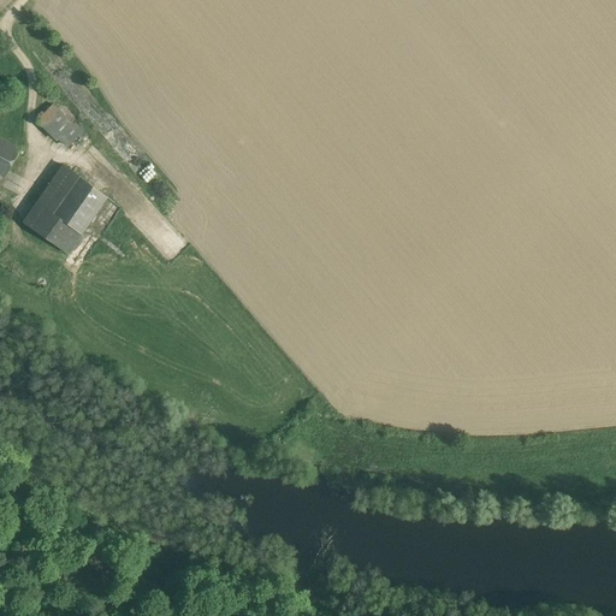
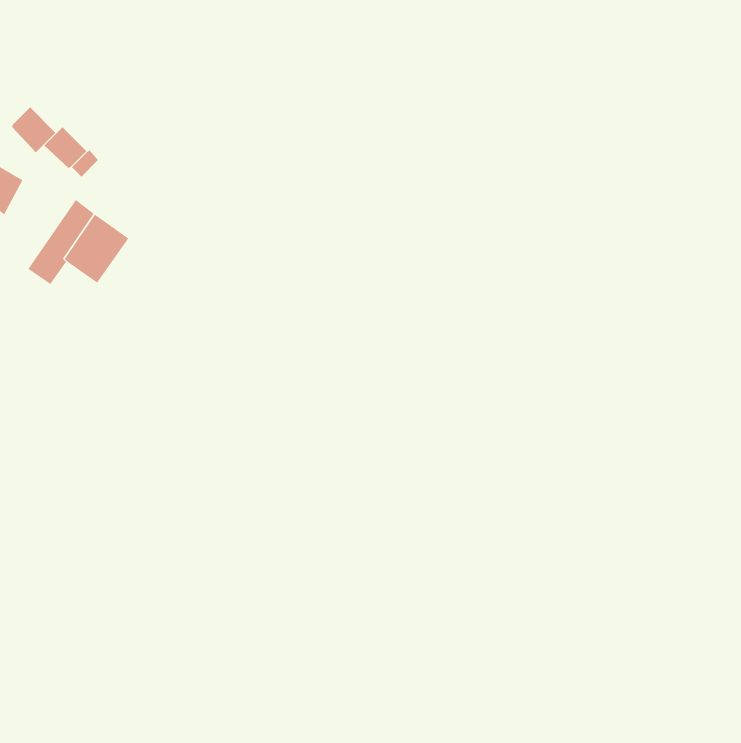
building: none -> [11,106,56,153]
building: [42,217,81,254] -> none

